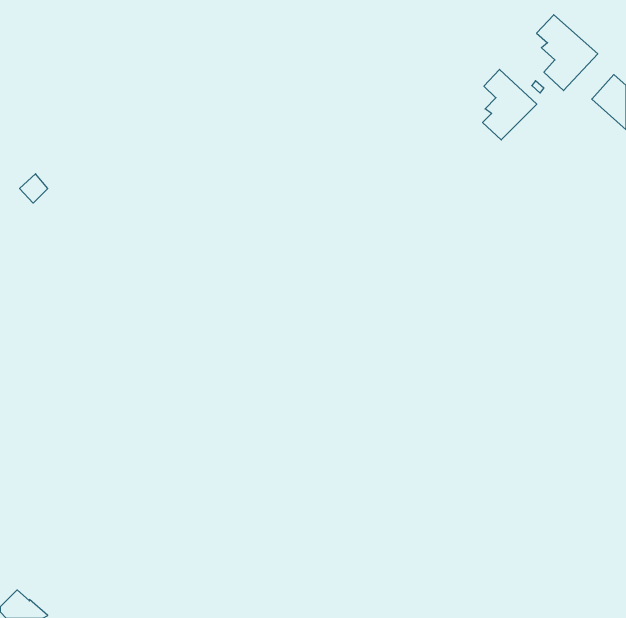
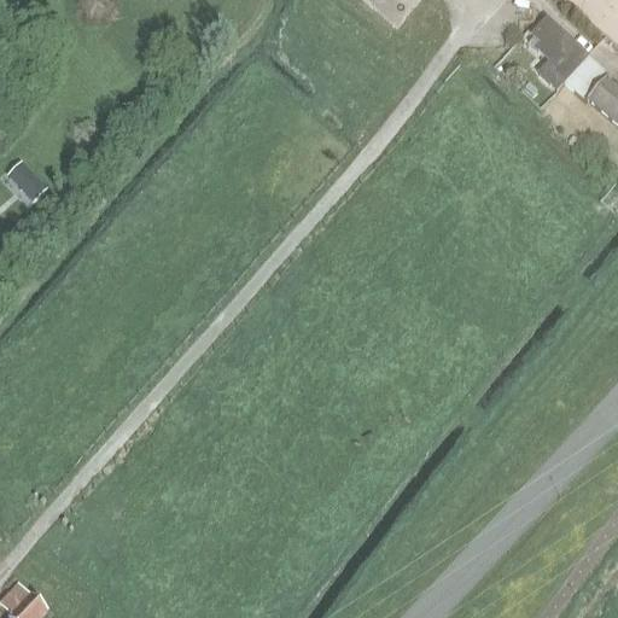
building: [483,69,537,140] -> none

